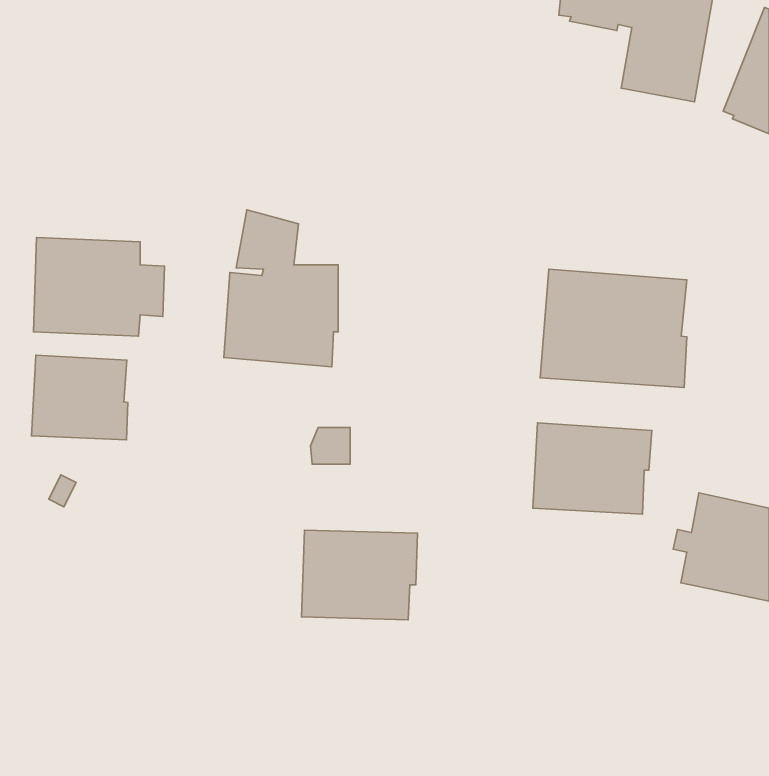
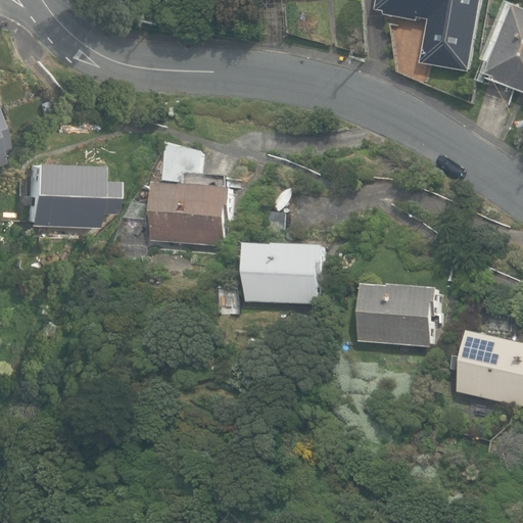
building: [540,269,687,388] -> none
building: [32,355,128,440] -> none
building: [302,530,417,620] -> [244,243,322,303]

